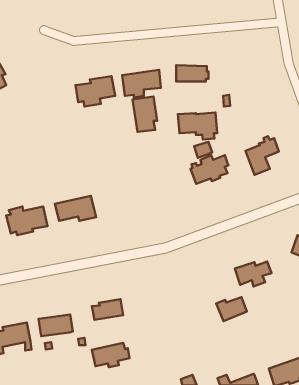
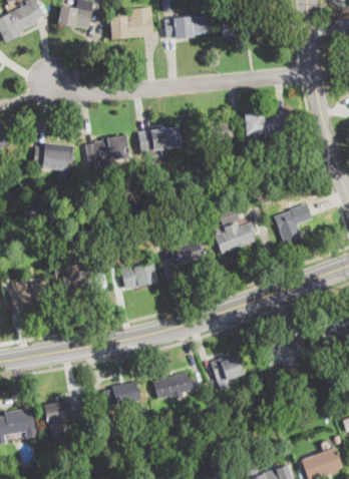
building: none -> [33,141,73,181]
building: [133,96,157,132] -> none
building: [178,112,217,139] -> [244,111,288,141]
building: none -> [176,241,204,265]
building: none -> [120,263,157,290]
building: [216,297,247,321] -> [210,356,244,383]
building: [92,343,130,367] -> [153,373,196,400]

